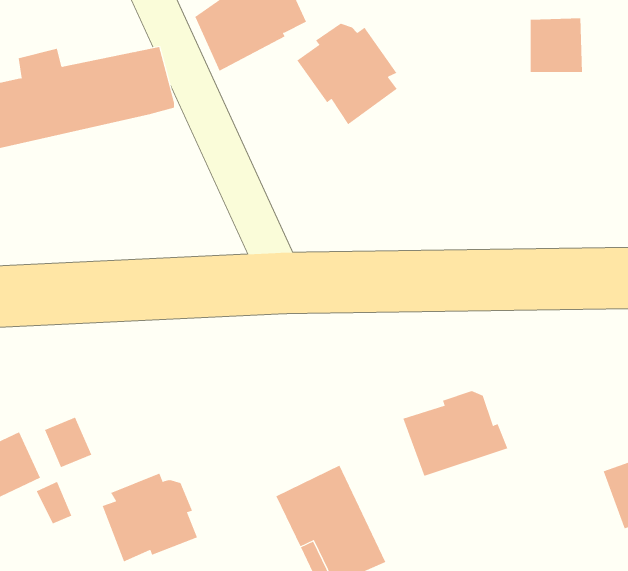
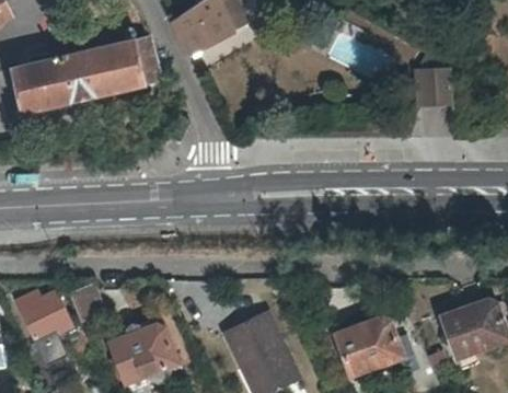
building: [530,18,583,72] -> [416,68,451,104]
building: [297,23,397,125] -> none
building: [402,391,508,476] -> [336,319,406,375]

